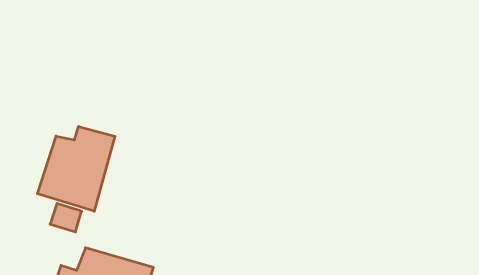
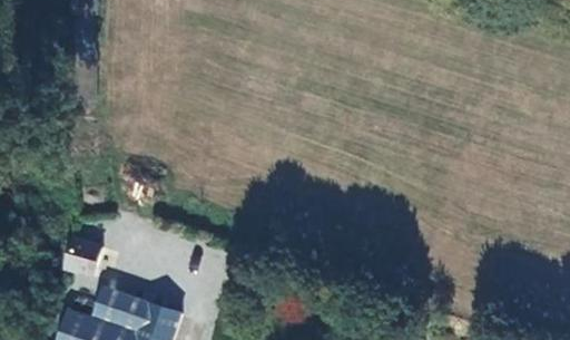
building: [37,126,115,211] -> none

